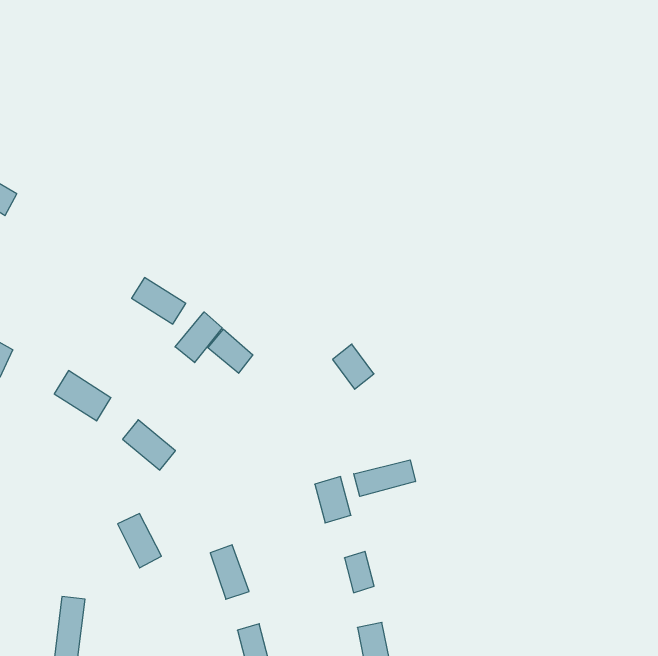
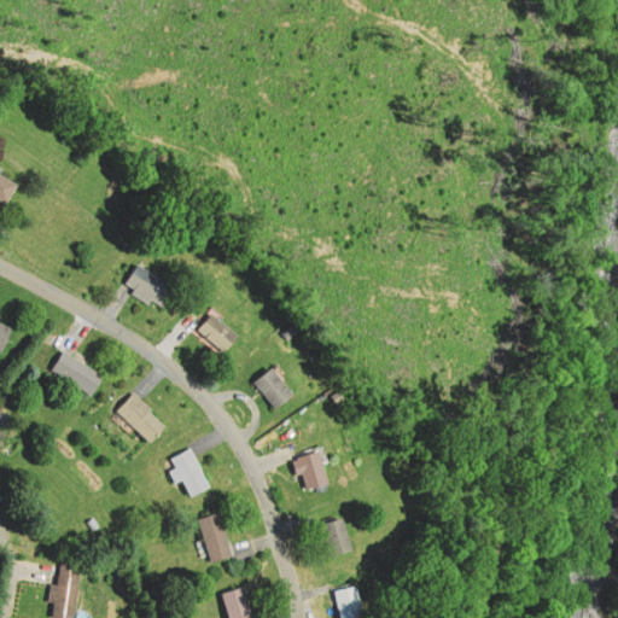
building: [175,312,222,363] -> none
building: [333,344,374,389] -> [253,367,292,409]
building: [354,460,415,496] -> none
building: [118,514,161,568] -> [169,449,210,500]

